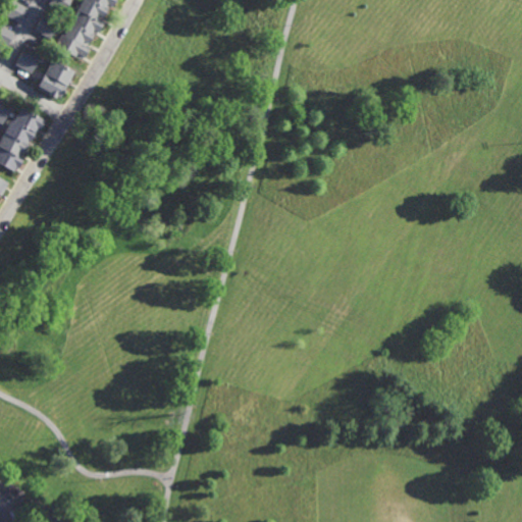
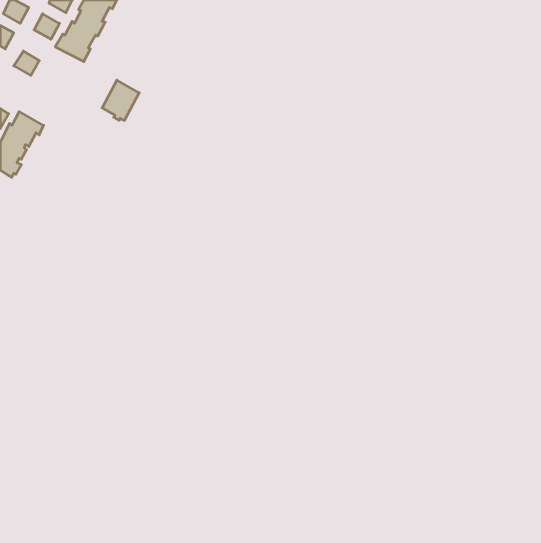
building: [38,59,73,98] -> [102,80,139,120]

